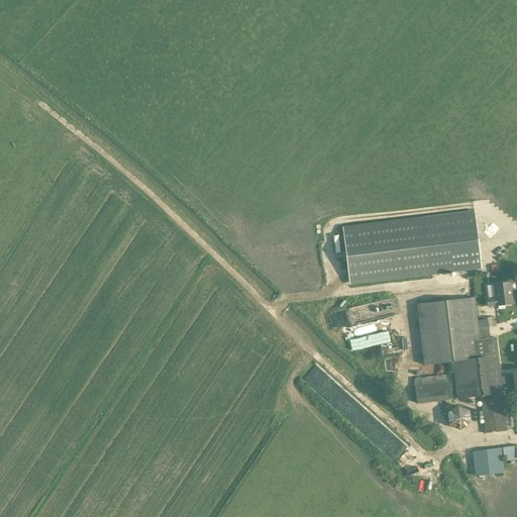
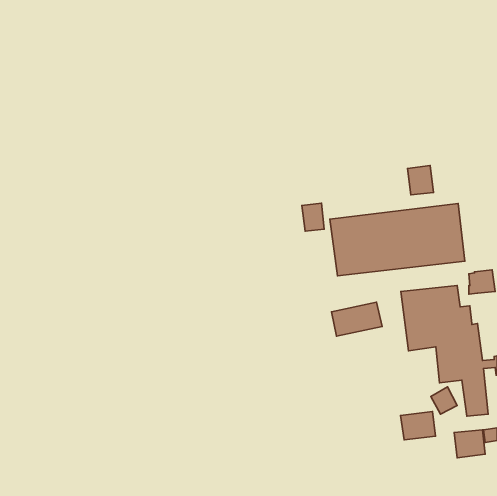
building: none -> [408,165,434,195]
building: none -> [302,203,324,231]
building: [413,373,449,402] -> [400,412,435,440]

